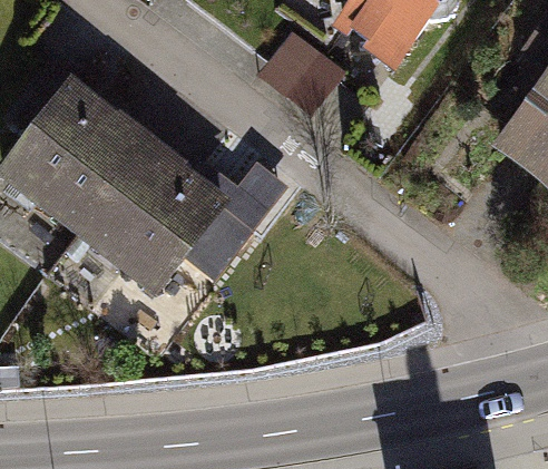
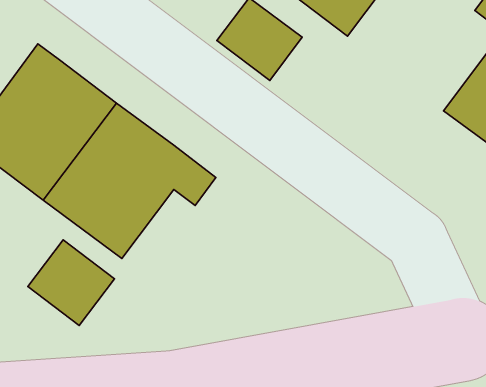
building: none -> [28,240,115,325]

